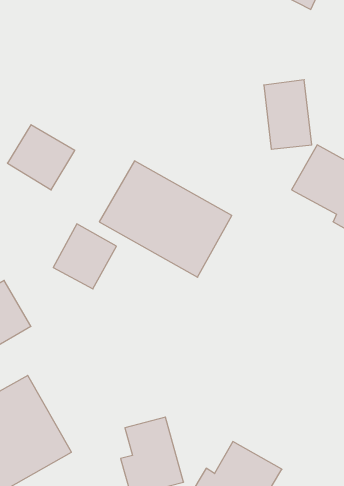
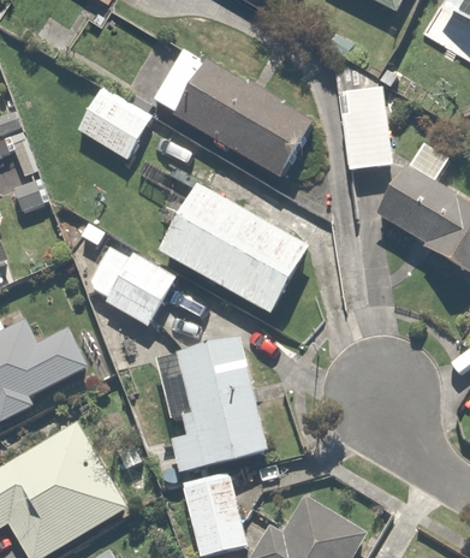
building: none -> [155,46,314,179]
building: [7,125,75,190] -> [76,84,151,158]
building: none -> [171,333,269,473]

